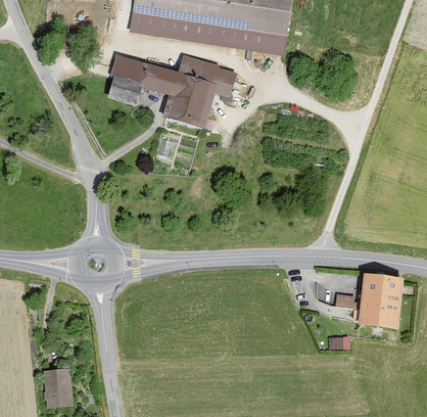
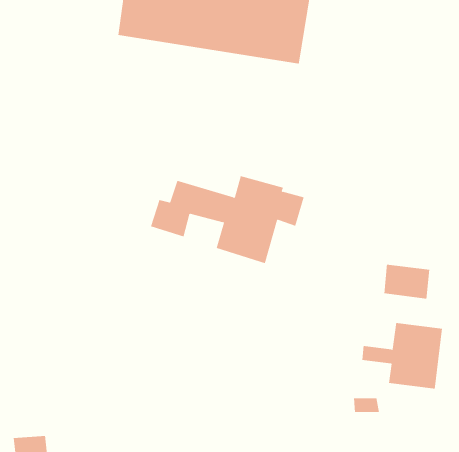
building: [107,54,237,129] -> [150,175,304,264]
building: none -> [384,264,430,300]

